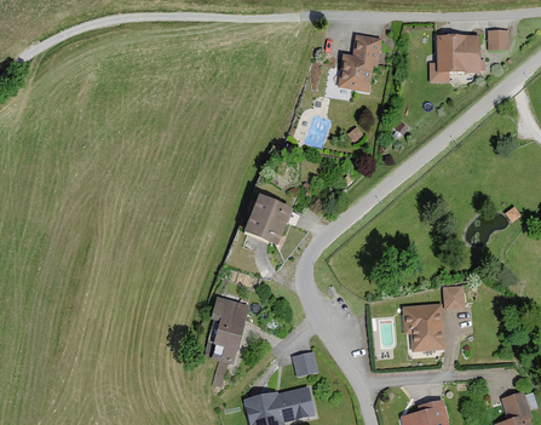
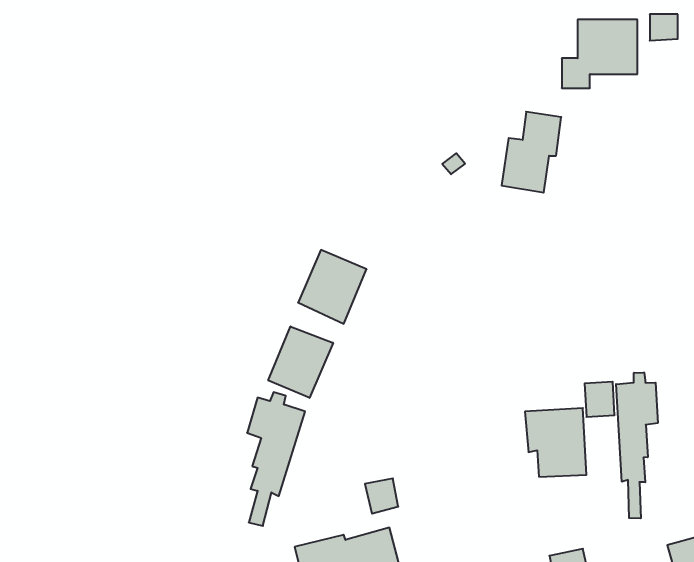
building: [338,35,379,91] -> [502,112,561,193]
building: none -> [268,326,333,398]
building: none -> [616,372,658,518]

